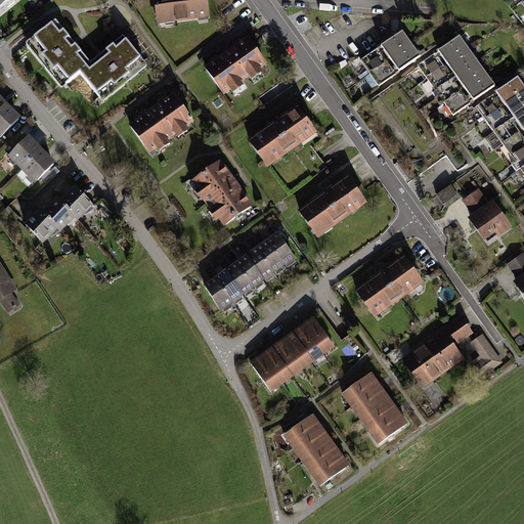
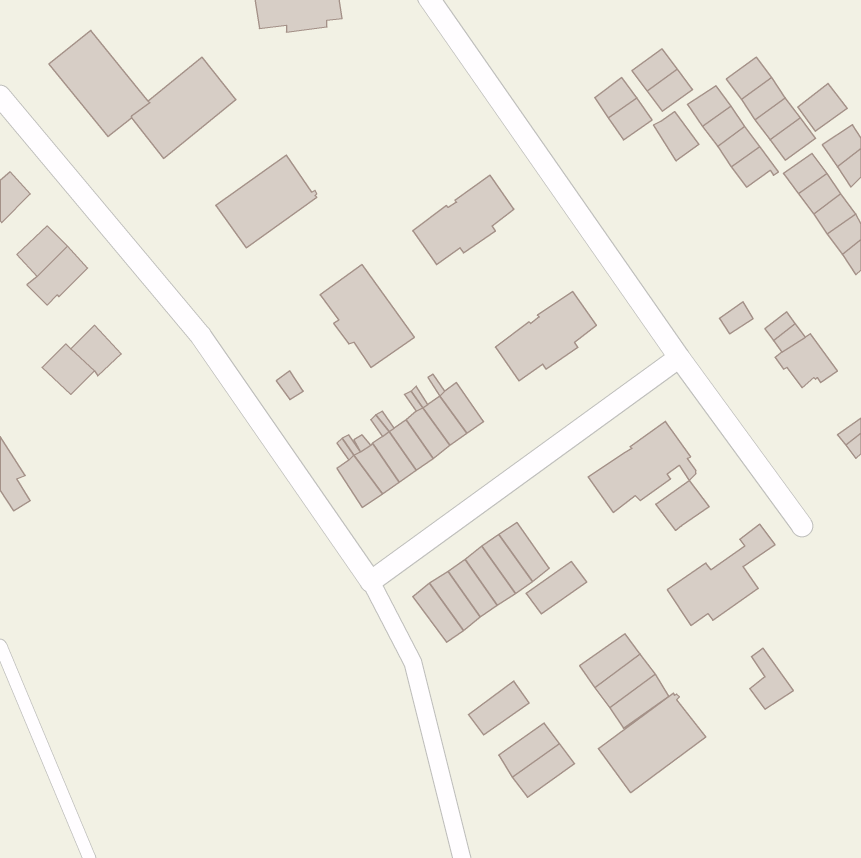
building: [207,38,265,92] -> none
building: none -> [798,83,847,131]
building: none -> [654,112,699,161]
building: [60,186,91,218] -> none
building: none -> [656,480,709,530]
building: [473,335,499,372] -> [750,648,793,709]
building: [343,373,380,404] -> [526,562,587,614]
building: none -> [598,693,706,793]
building: [294,427,331,458] -> none

